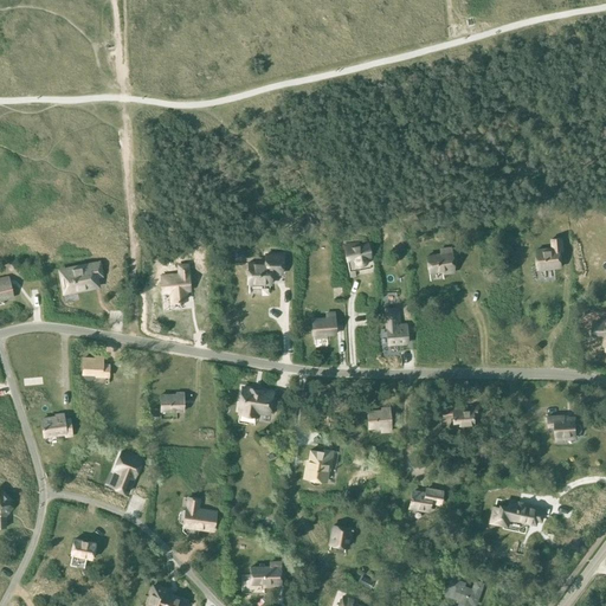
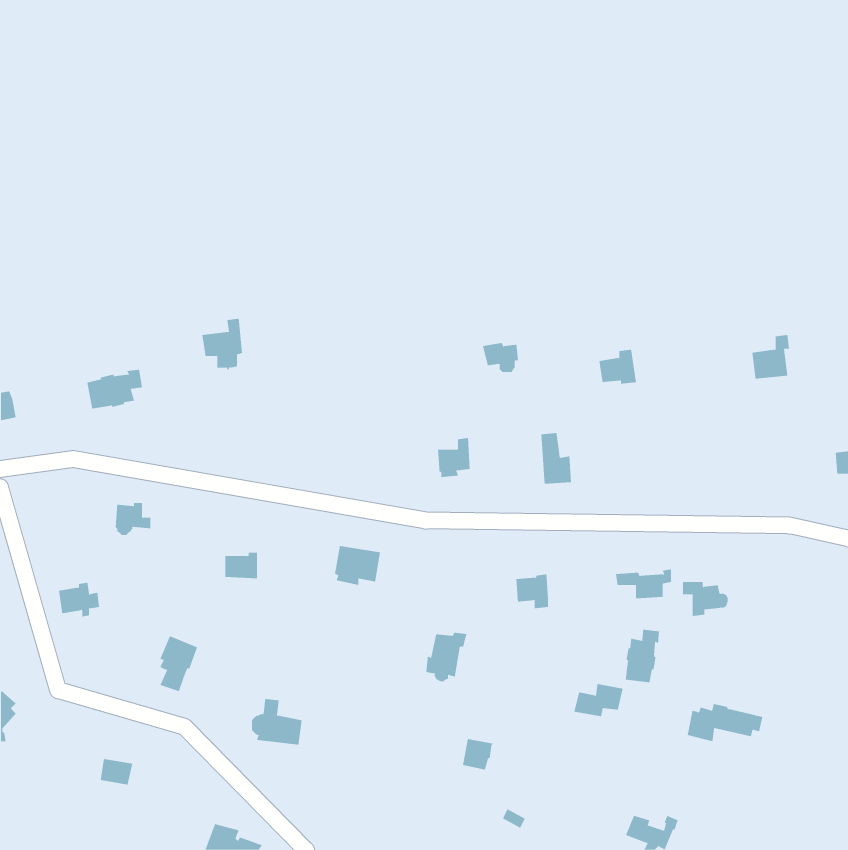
building: [246,256,283,284] -> none
building: [161,265,191,302] -> [201,318,243,370]
building: [549,417,582,441] -> [682,582,729,616]
building: none -> [625,629,660,683]
building: [251,562,282,587] -> none

